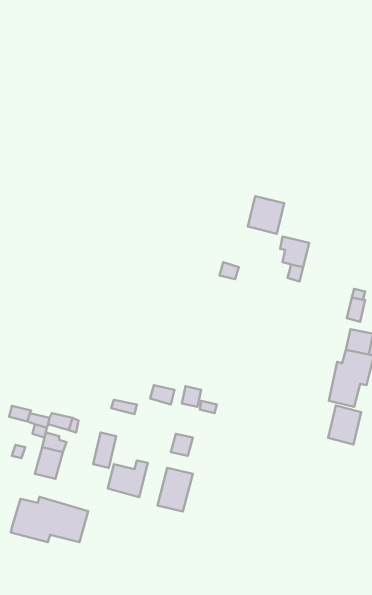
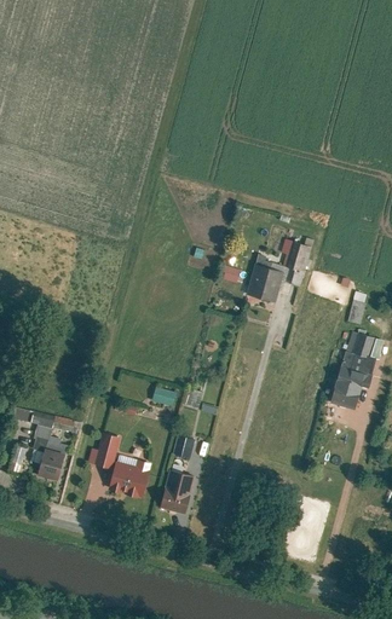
building: [248,196,284,234] -> [247,264,283,301]
building: [328,406,361,444] -> none
building: [11,497,88,542] -> none

